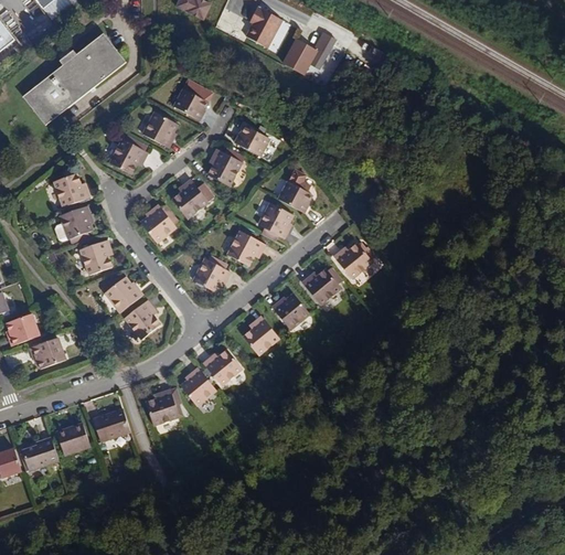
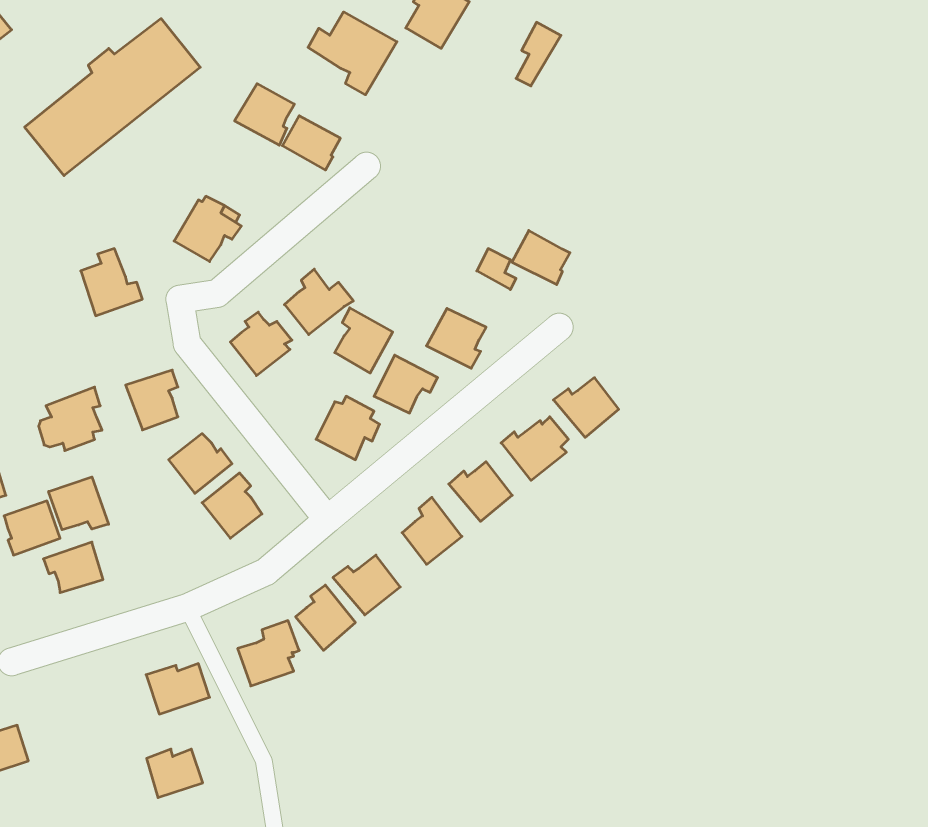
building: none -> [308,12,397,95]
building: [281,40,318,77] -> none
building: [141,111,177,148] -> [235,84,294,145]
building: [234,125,269,156] -> none
building: [210,148,244,186] -> [335,308,393,373]
building: [277,180,311,212] -> [512,230,570,285]
building: [54,204,92,242] -> [39,387,102,451]
building: none -> [49,477,109,530]
building: [60,425,93,453] -> [147,749,203,798]
building: [23,436,61,470] -> none

